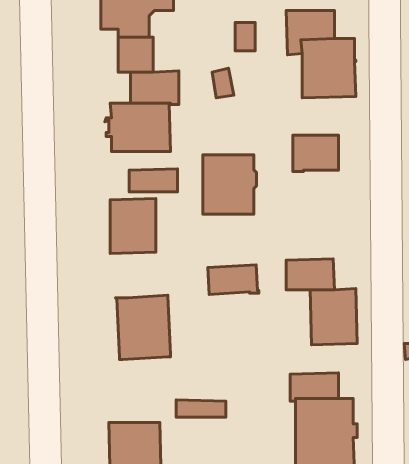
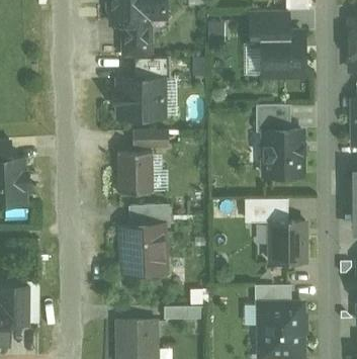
building: [203,155,257,214] -> [264,132,304,177]
building: [208,265,259,294] -> [130,206,169,229]

